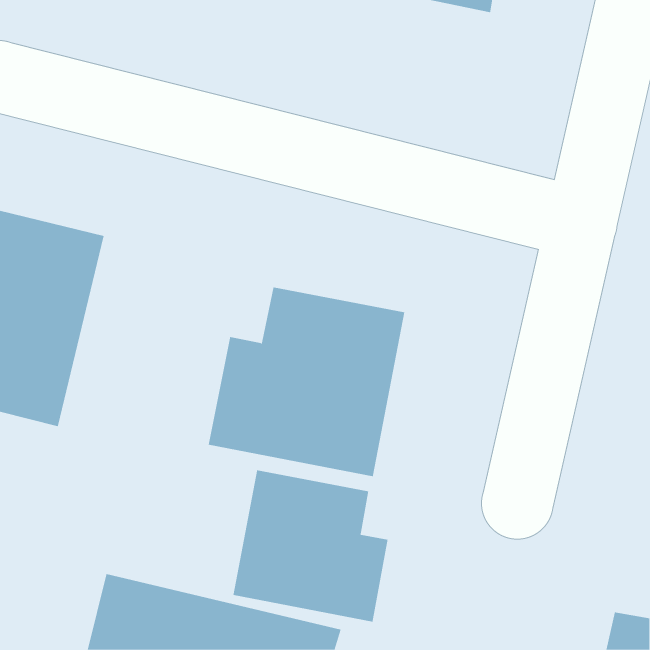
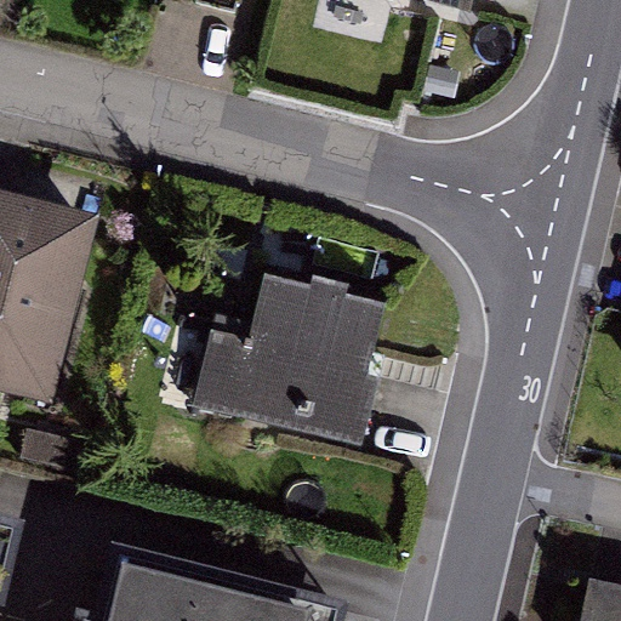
building: [233,469,388,622] -> none

